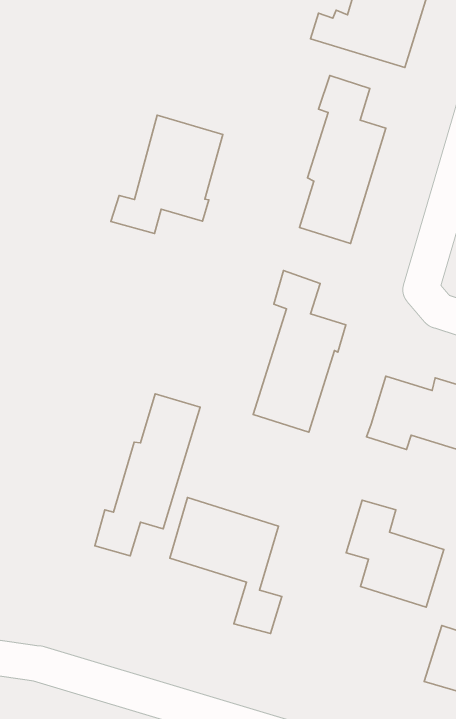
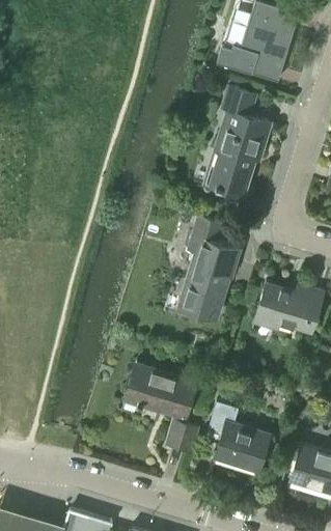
building: [111,115,223,233] -> none
building: [95,394,200,556] -> none
building: [346,500,444,607] -> [205,403,269,473]

